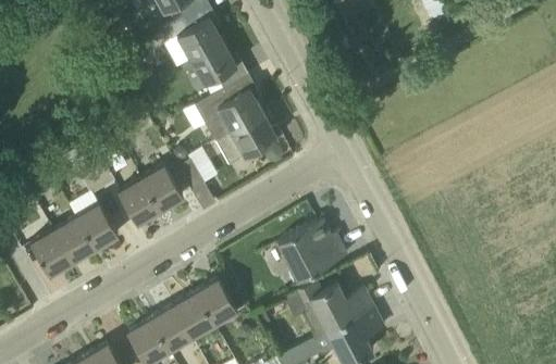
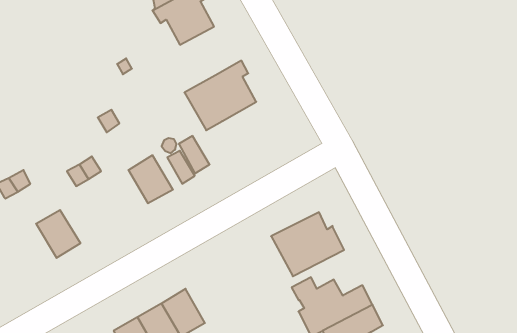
building: [189,42,248,89] -> none
building: [214,114,282,165] -> none
building: [118,179,159,225] -> none
building: [75,203,118,249] -> none
building: [29,230,72,276] -> none
building: [195,279,236,325] -> none

